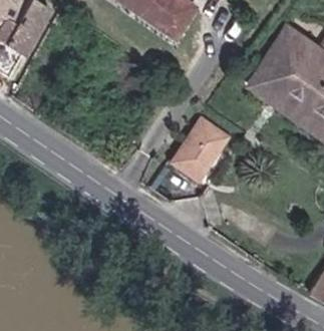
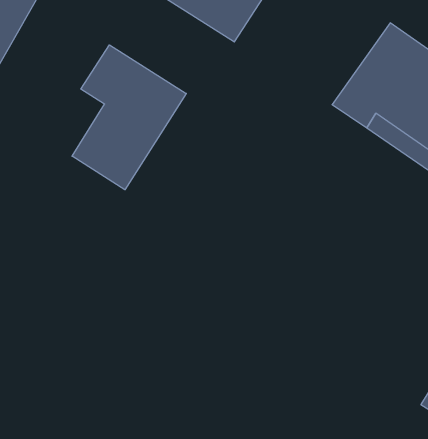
building: none -> [72,45,186,190]
building: [173,118,231,181] -> none

